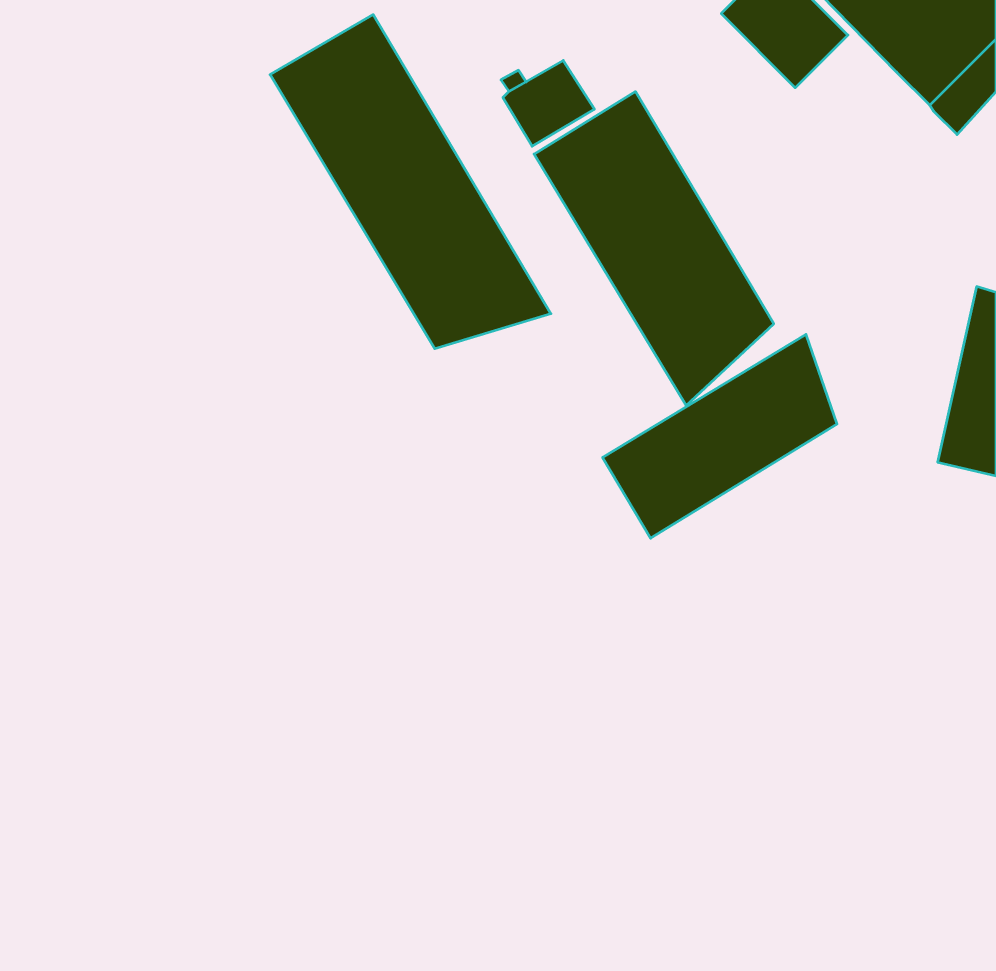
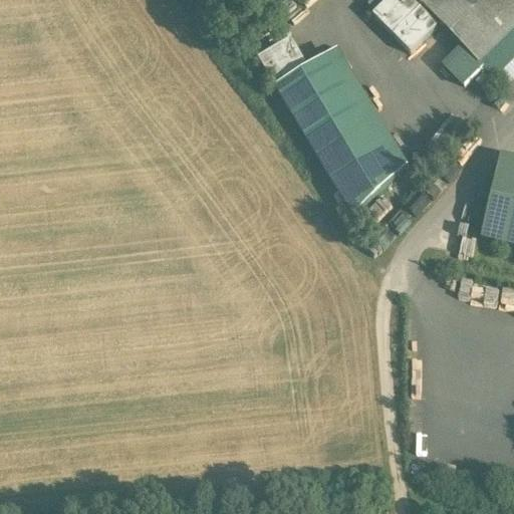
building: [270,15,551,349] -> none
building: none -> [442,37,481,76]
building: [603,334,837,538] -> none

